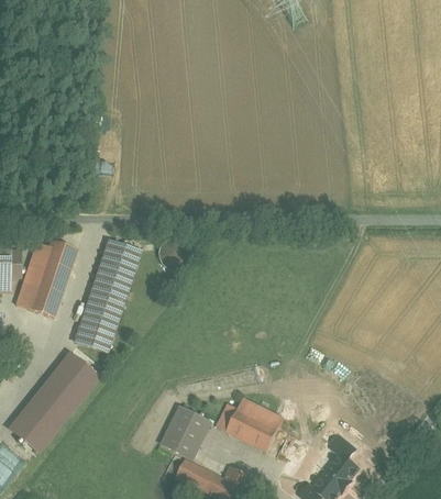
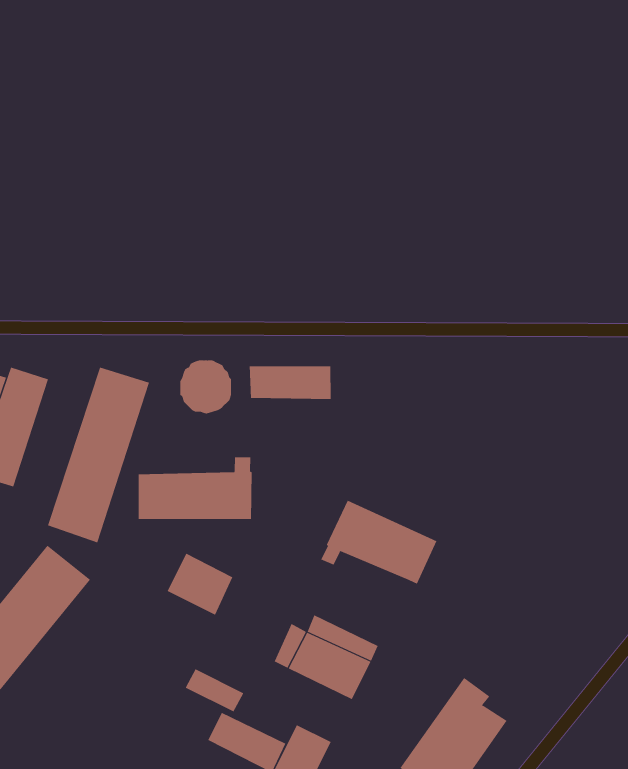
building: none -> [249,365,331,400]
building: none -> [138,457,252,520]
building: none -> [321,500,437,585]
building: [167,407,209,446] -> [167,553,233,615]

